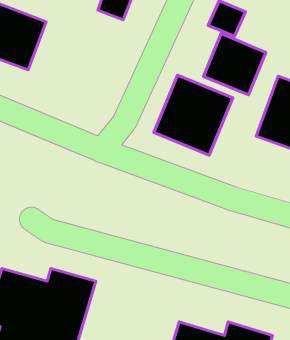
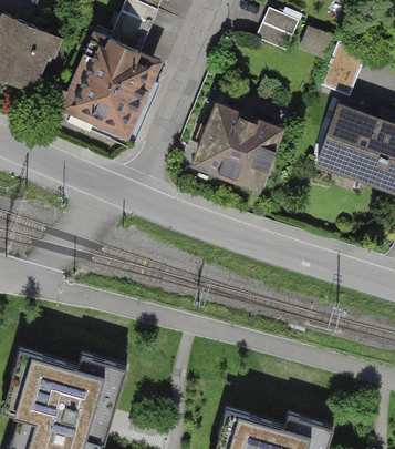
building: none -> [63,33,162,136]
building: [204,34,266,95] -> none

